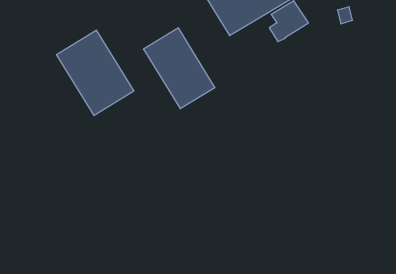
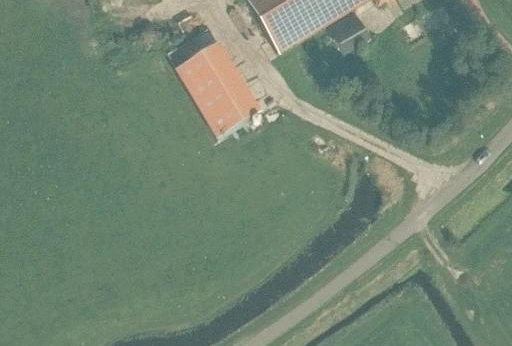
building: [57,30,134,116] -> none

